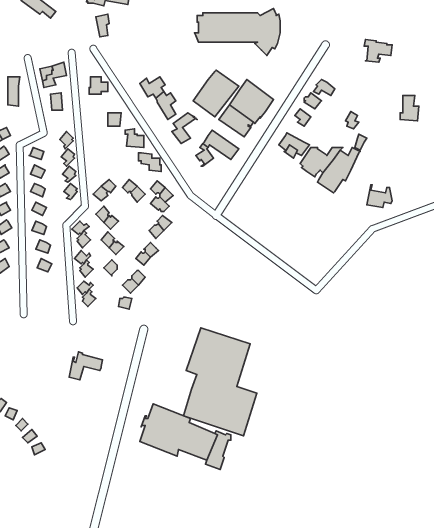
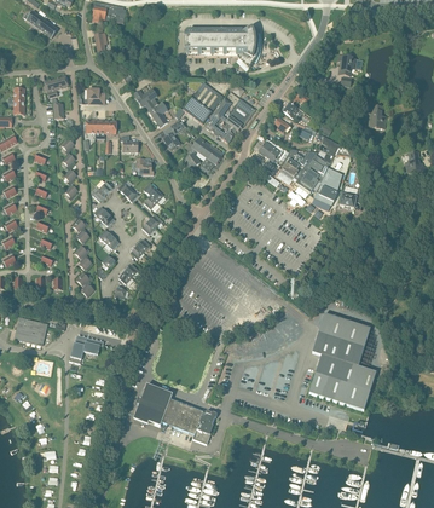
building: none -> [313,157,338,206]
building: [183,328,257,436] -> [309,313,376,411]
building: none -> [15,317,48,341]

